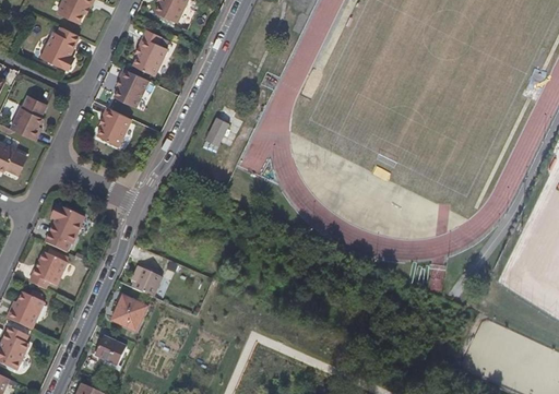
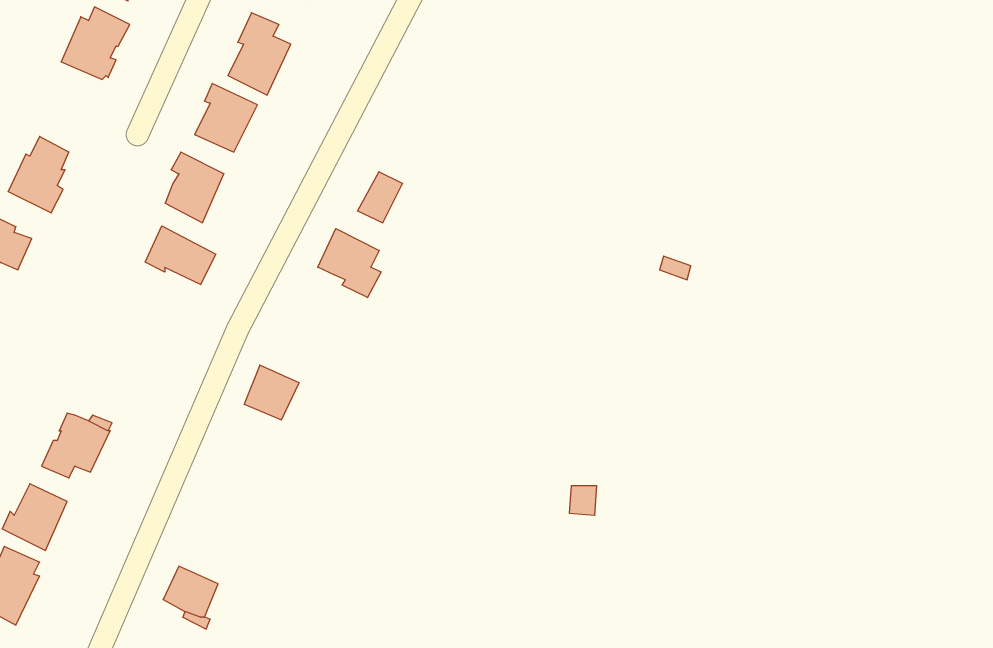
building: none -> [145,226,216,285]
building: none -> [318,229,381,298]
building: [44,211,82,251] -> none
building: [134,267,165,298] -> [244,365,299,420]
building: [112,297,147,332] -> none

